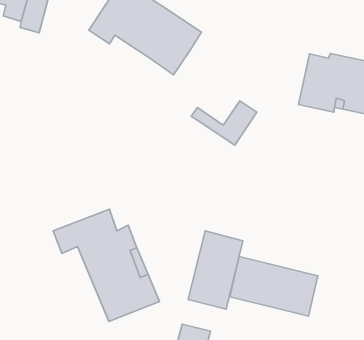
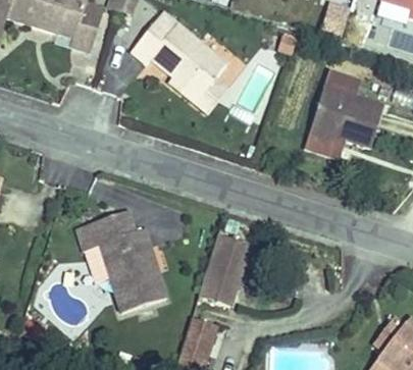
building: [191,101,257,145] -> [174,77,233,116]
building: [230,256,318,316] -> none

